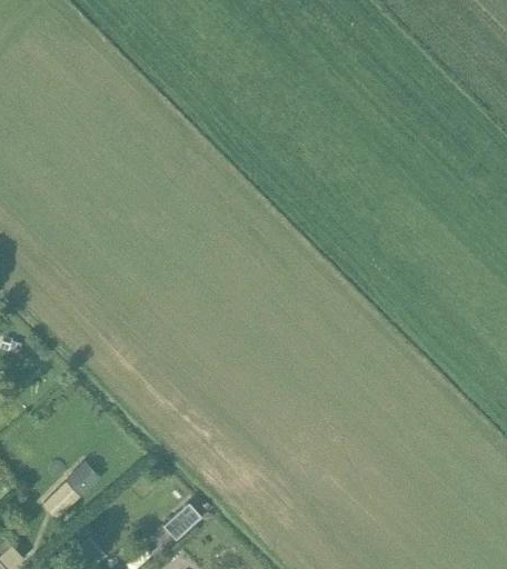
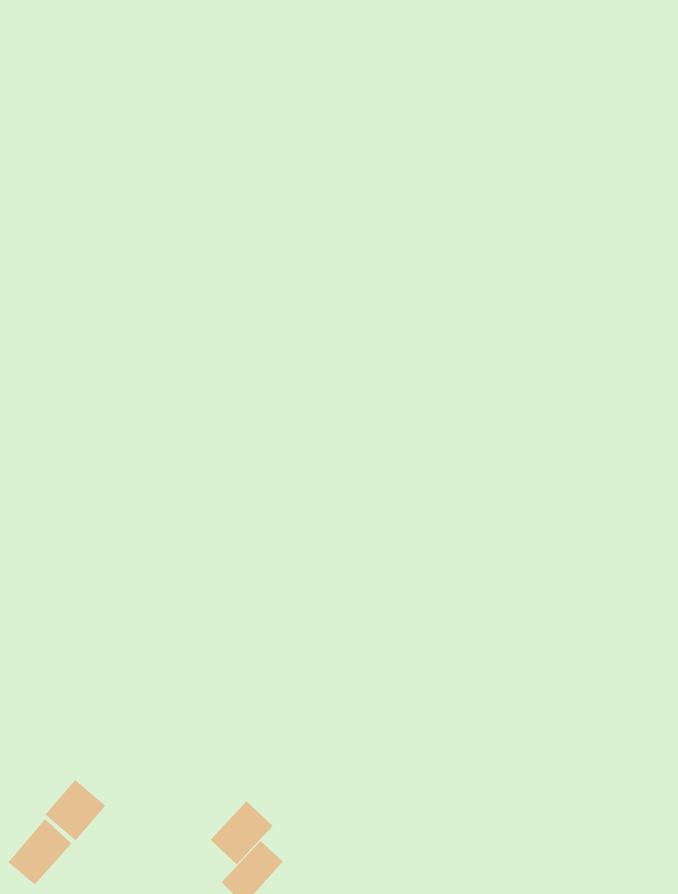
building: none -> [210,800,274,865]

